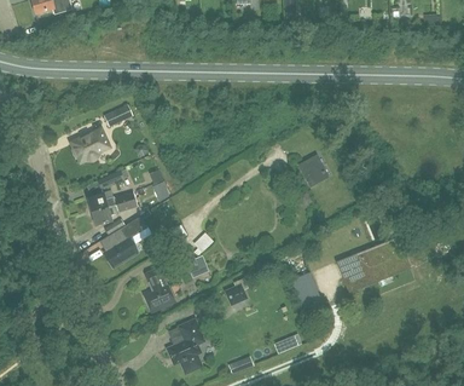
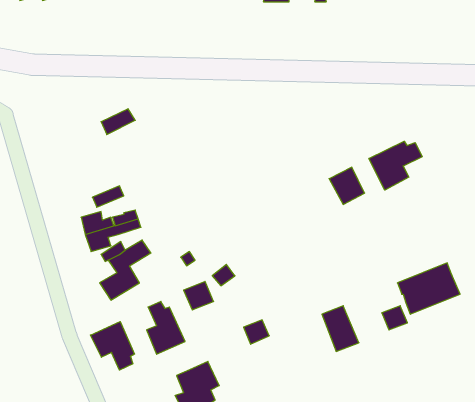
building: [71,128,108,160] -> none
building: none -> [369,141,422,190]
building: none -> [90,322,135,370]

